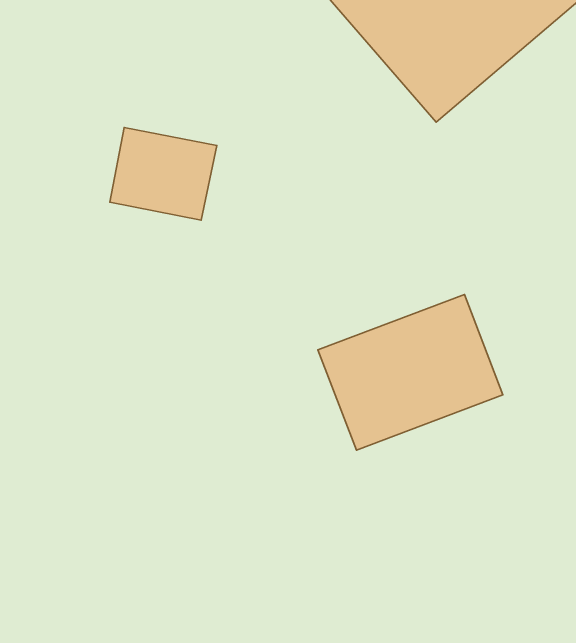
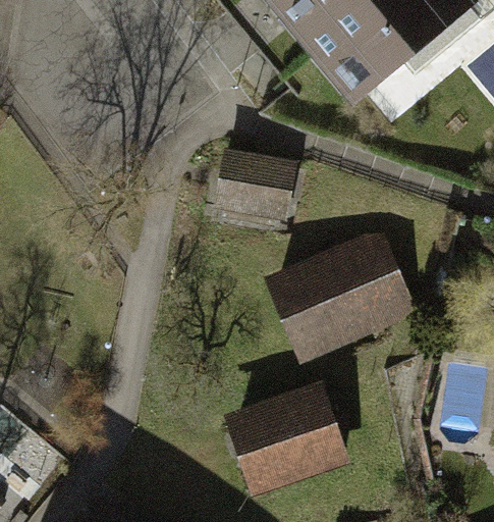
building: [110,128,217,220] -> [211,151,295,224]
building: none -> [226,387,346,488]

